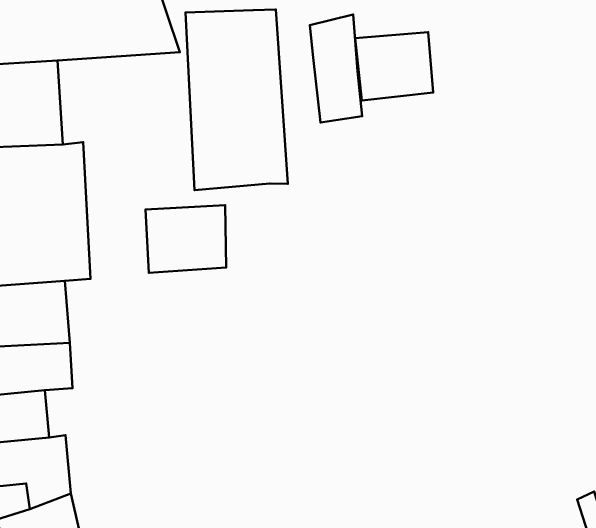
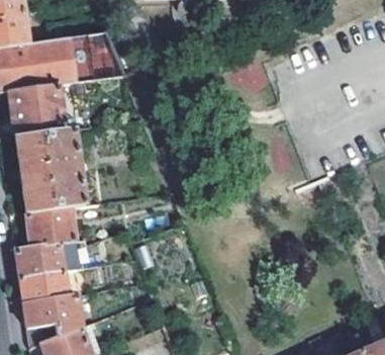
building: [185,9,288,190] -> none
building: [310,15,362,123] -> none
building: [146,205,226,273] -> none

